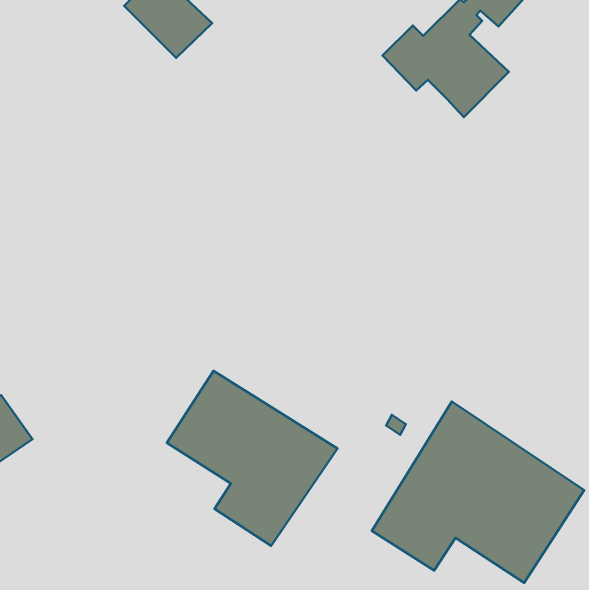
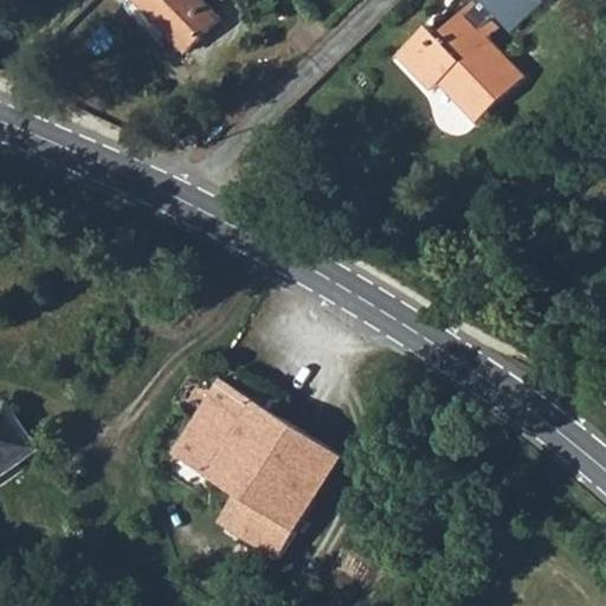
building: [372,402,584,583] -> none

